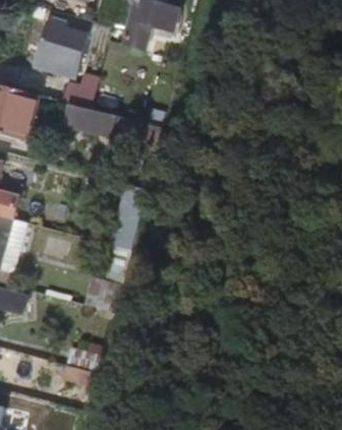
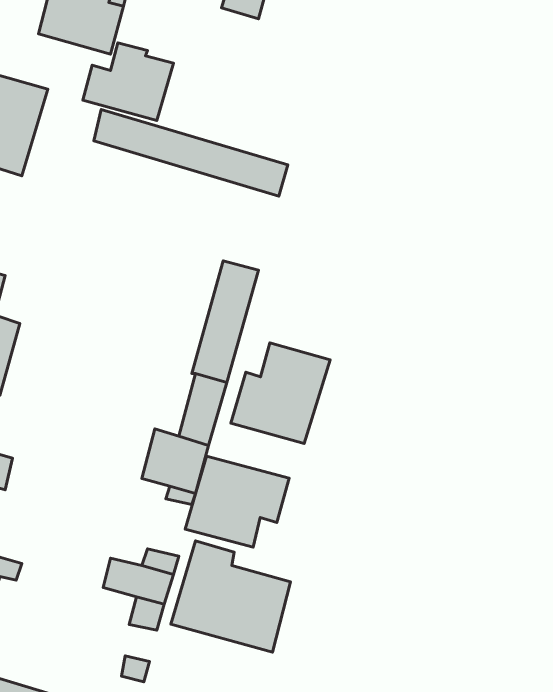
building: none -> [231,343,330,444]
building: none -> [185,456,289,547]
building: none -> [171,541,290,652]

